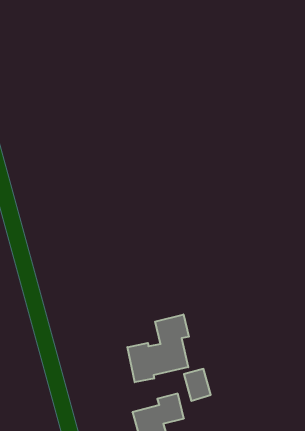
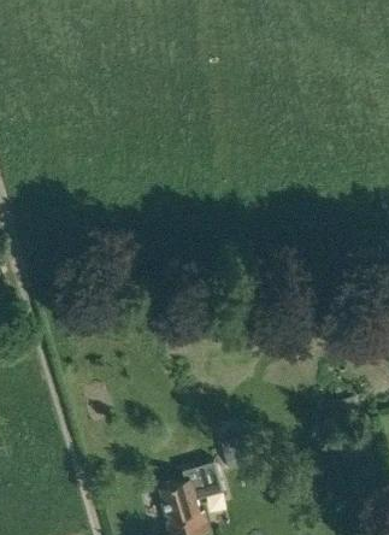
building: [127,314,189,382] -> none

